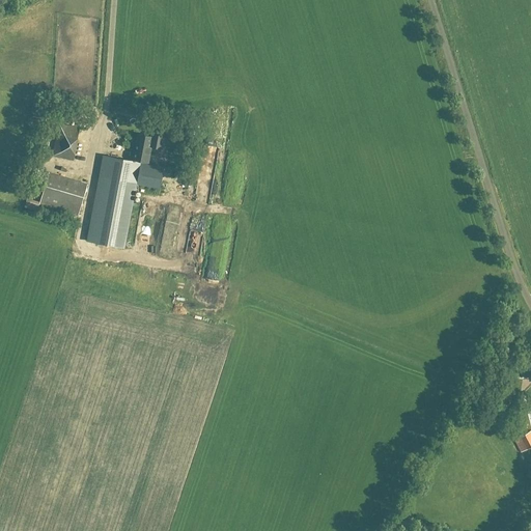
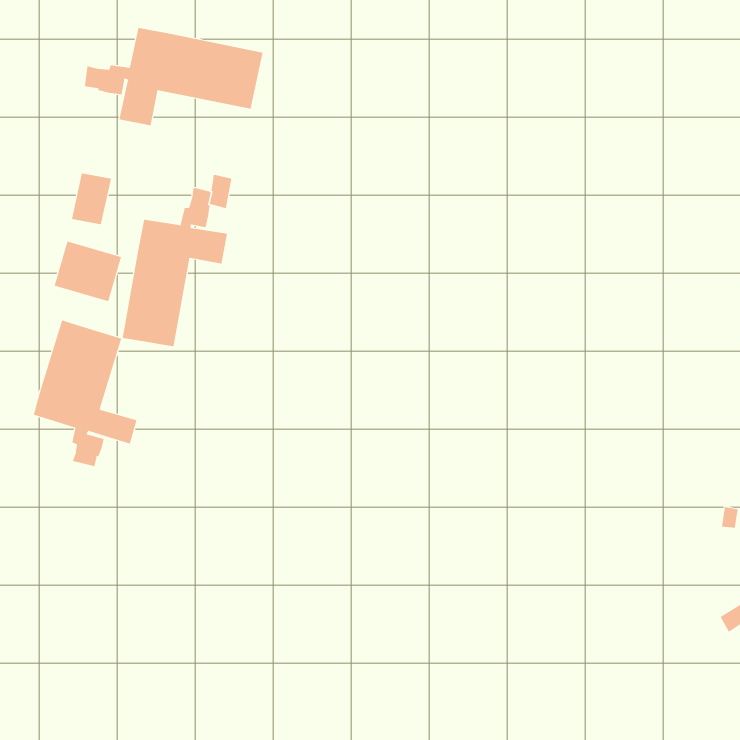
building: none -> [84,27,263,126]
building: none -> [33,320,137,467]

